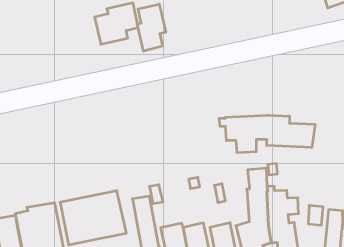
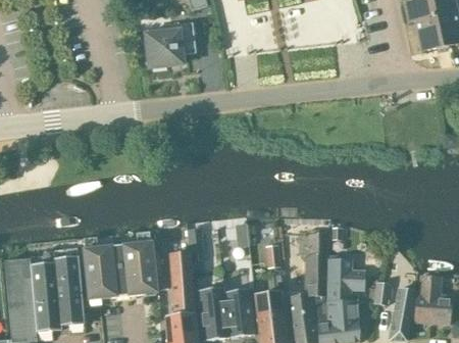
building: [137,4,166,51] -> none
building: [219,115,315,153] -> none

